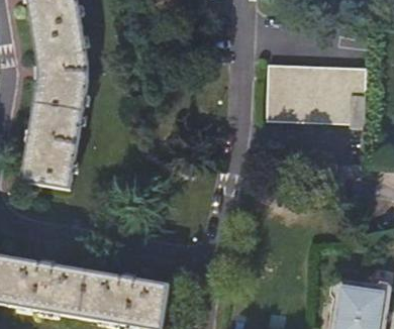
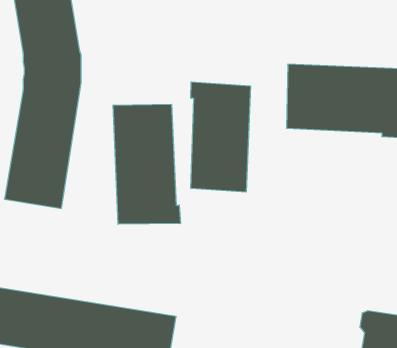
building: none -> [191,82,250,192]
building: none -> [113,104,180,224]

